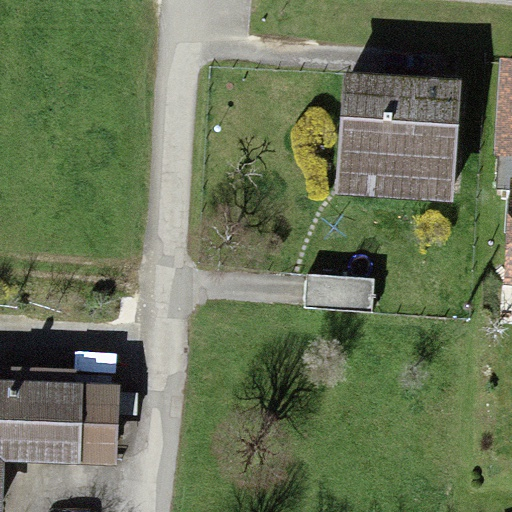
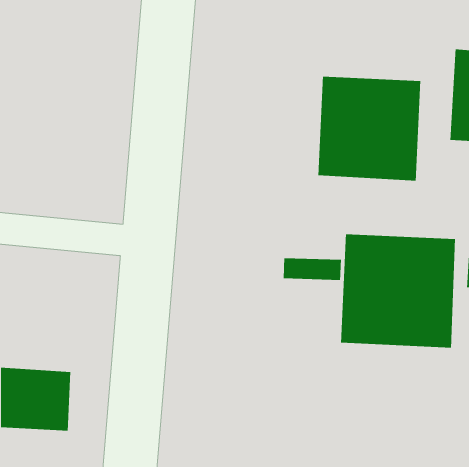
building: none -> [340,233,456,348]

